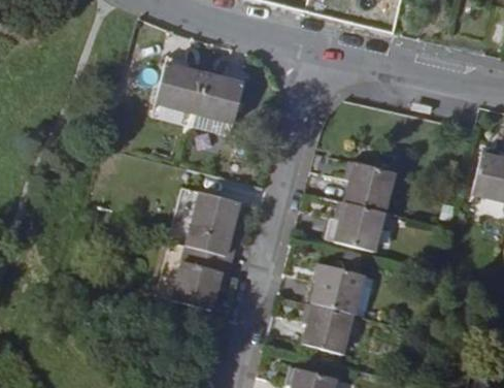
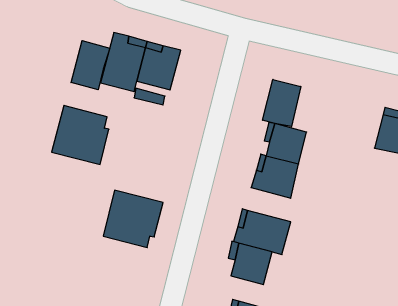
building: none -> [71,41,110,90]
building: none -> [263,79,301,127]
building: [170,188,237,257] -> [52,105,109,164]

